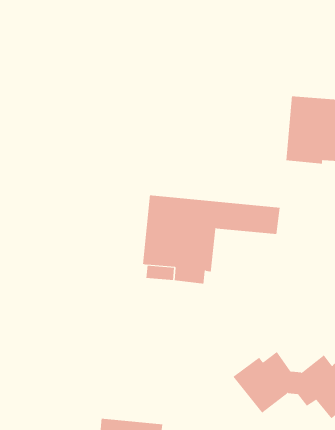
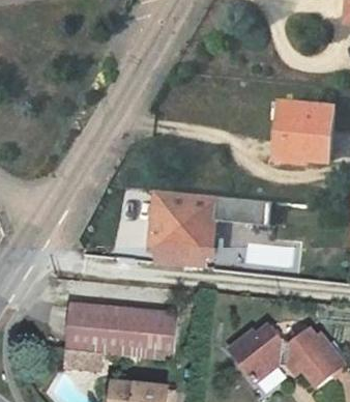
building: none -> [64,308,172,368]

